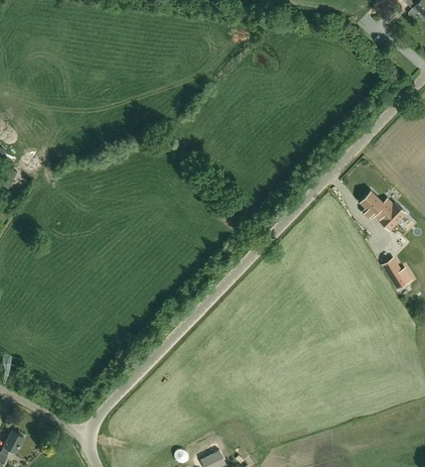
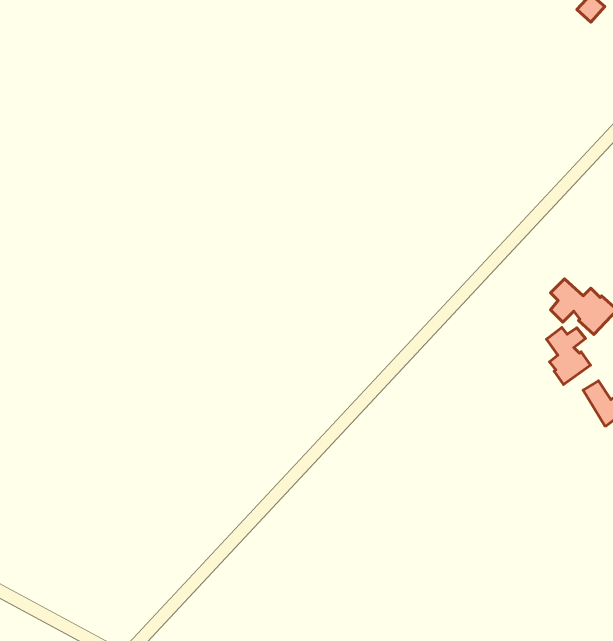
building: none -> [546,327,590,385]

